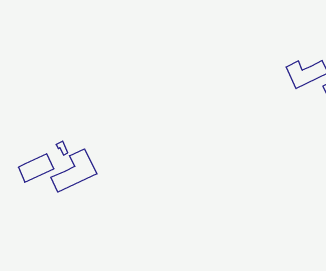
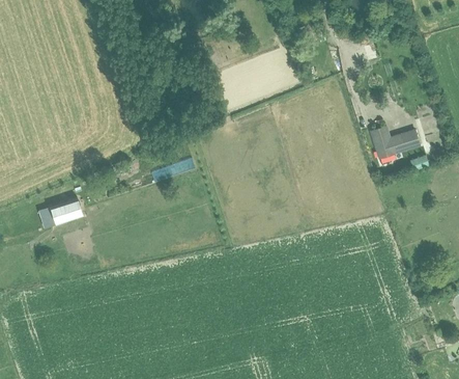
building: [51,149,97,192] -> none

